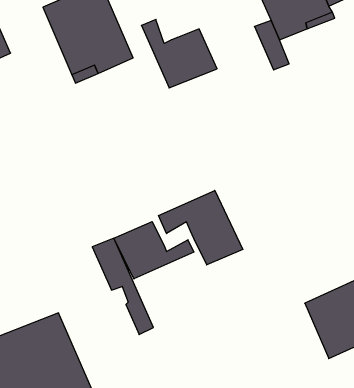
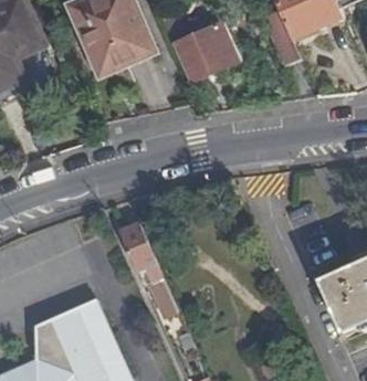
building: [158,190,243,265] -> none
building: [114,222,194,279] -> none

